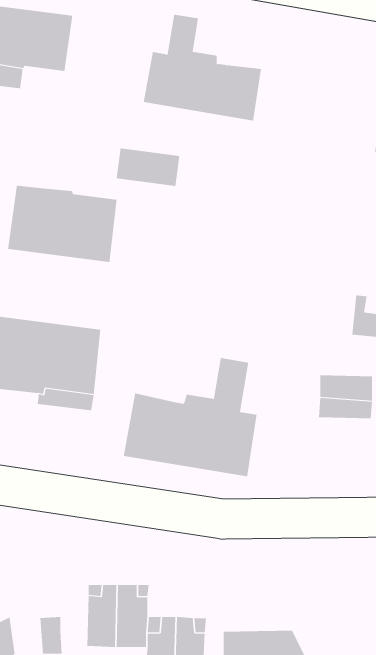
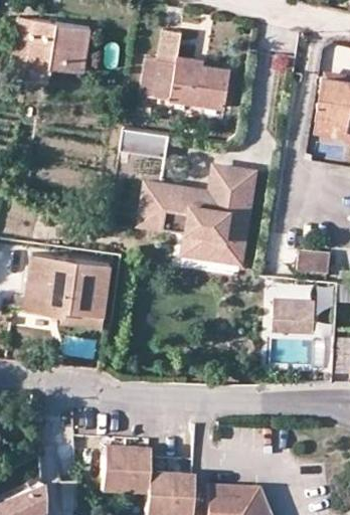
building: [7,185,117,263] -> none
building: none -> [136,161,257,266]
building: [123,357,257,477] -> none

